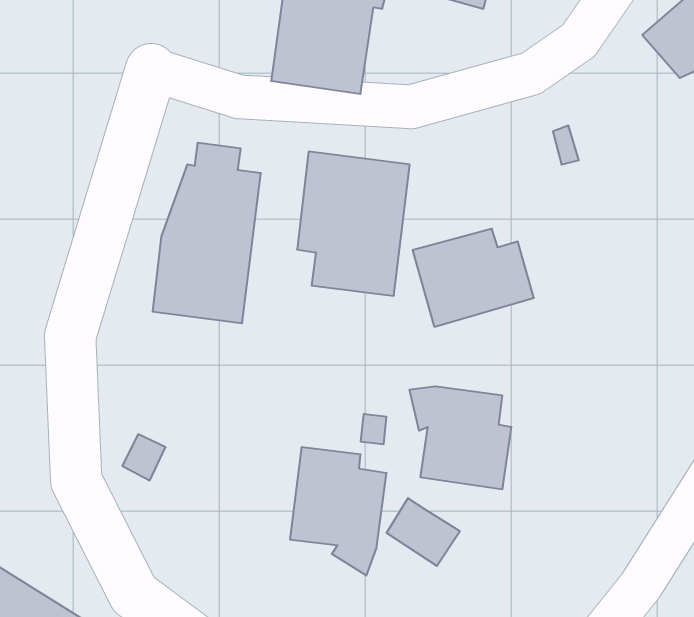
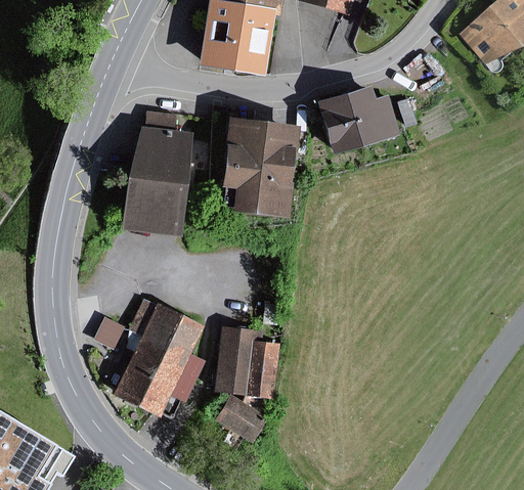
building: [413,229,534,327] -> [315,86,401,155]
building: [410,386,511,489] -> none
building: none -> [113,297,206,417]
building: [386,498,460,566] -> [216,394,268,442]

